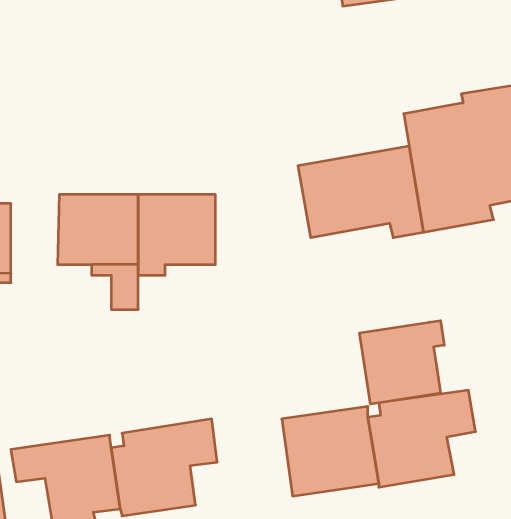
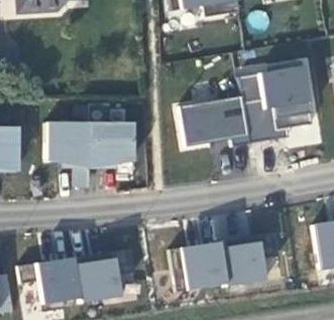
building: [360,321,444,404] -> none

